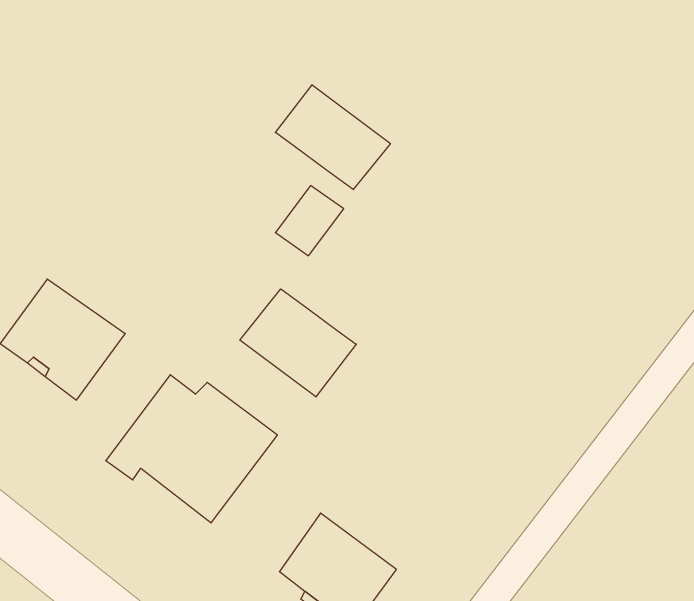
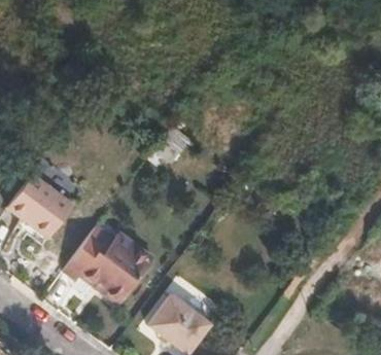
building: [275,85,390,190] -> none
building: [240,289,356,397] -> none

